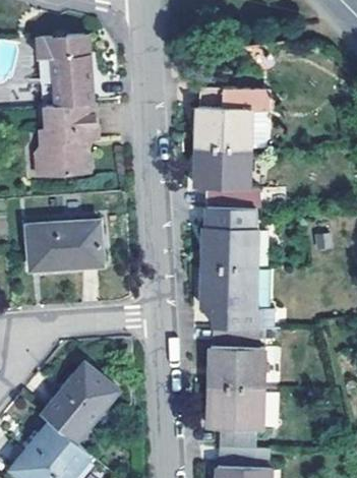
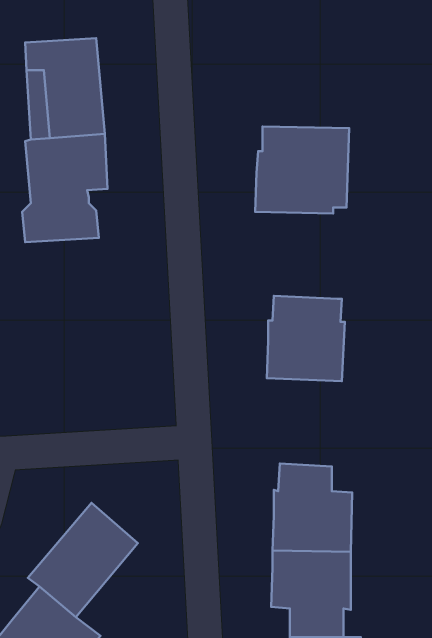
building: [198,157,258,218] -> none
building: [27,222,101,270] -> none
building: [206,274,276,336] -> none

